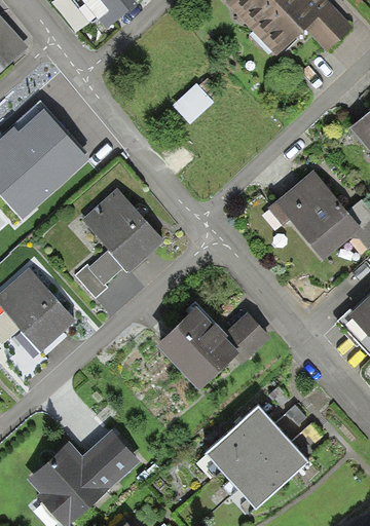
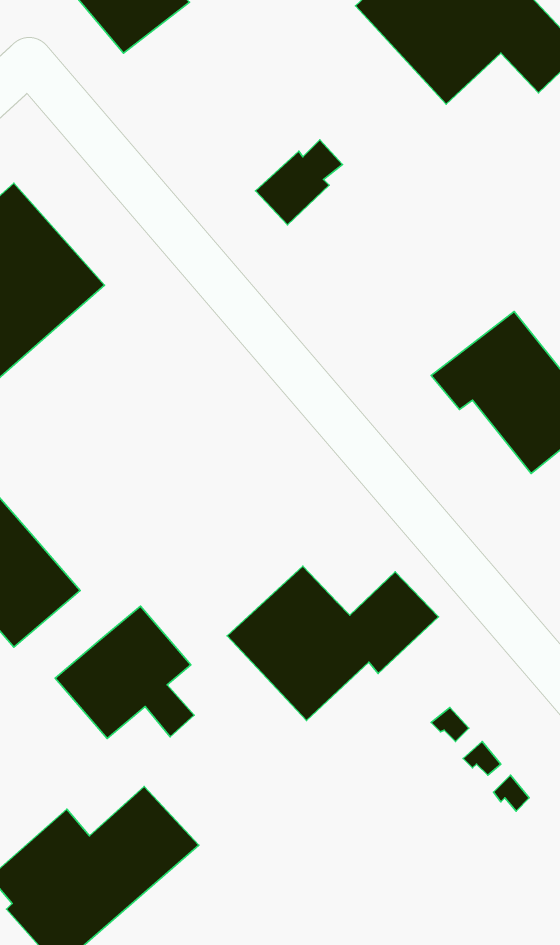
building: [76,189,163,296] -> none
building: none -> [55,606,194,739]
building: [207,405,307,506] -> none

